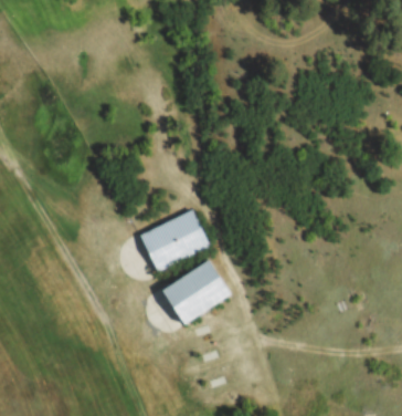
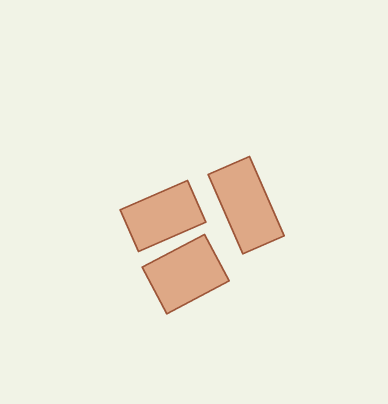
building: none -> [208,156,284,254]

